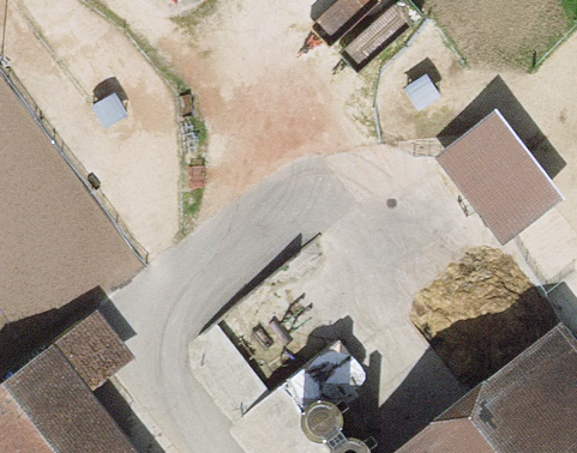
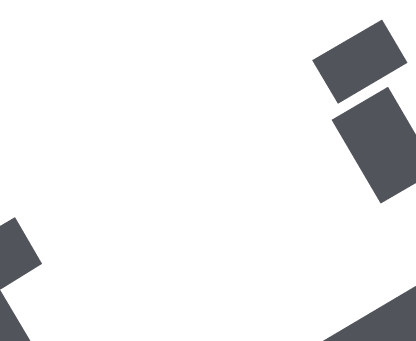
building: none -> [311,18,409,105]

